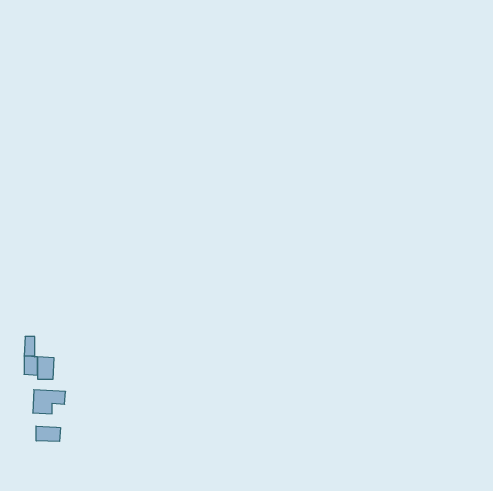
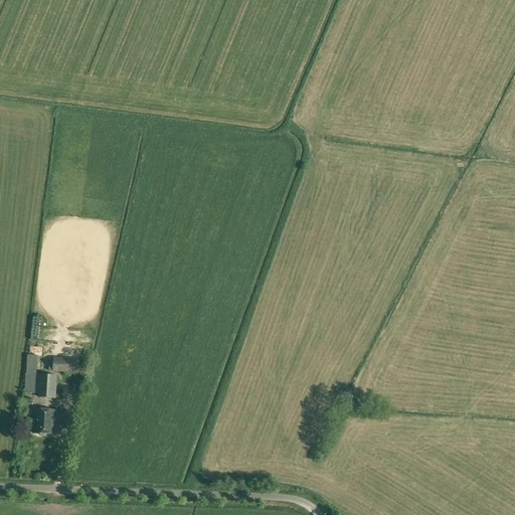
building: none -> [53,356,79,371]
building: [36,426,60,441] -> none

